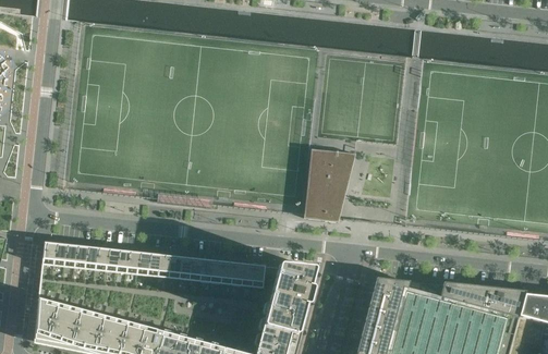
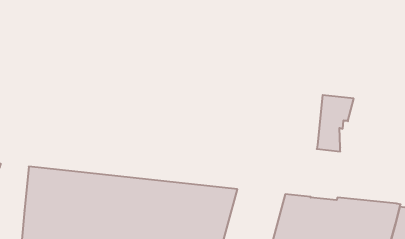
building: [307,149,355,222] -> [317,95,354,151]

